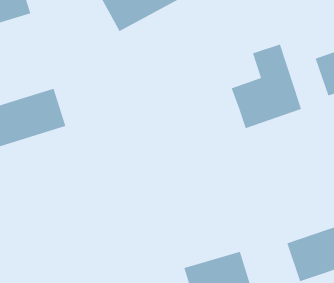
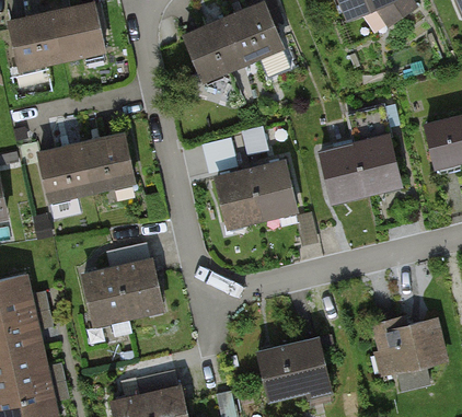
building: none -> [219,163,297,225]
building: none -> [85,245,164,324]

